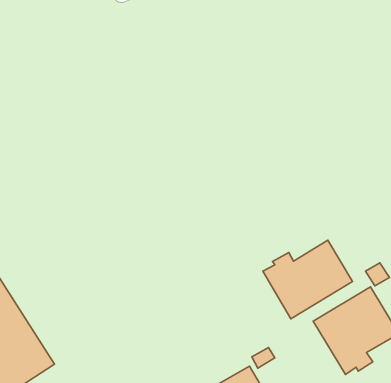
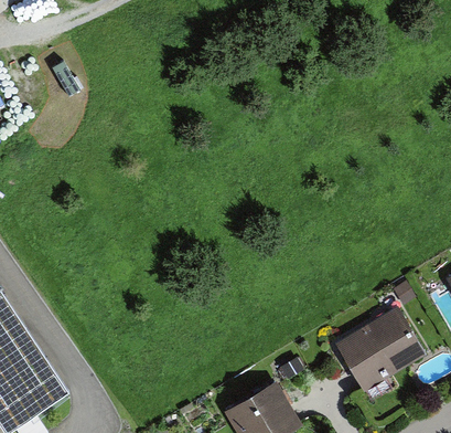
building: [263,240,353,319] -> none

